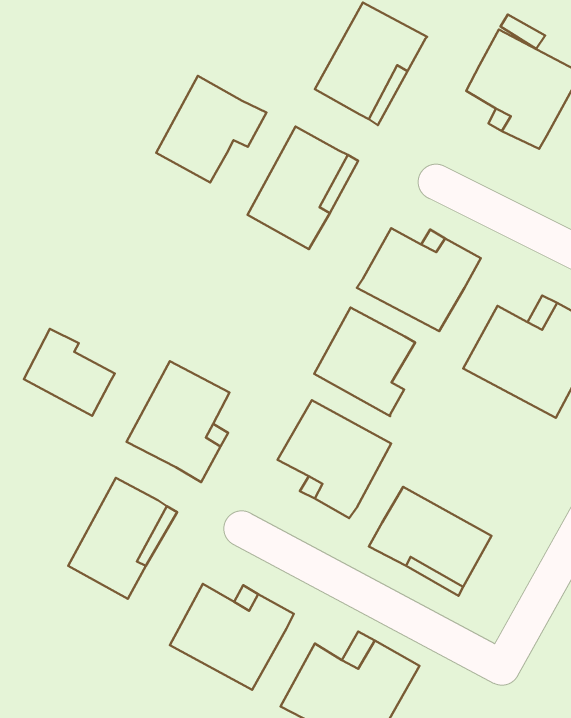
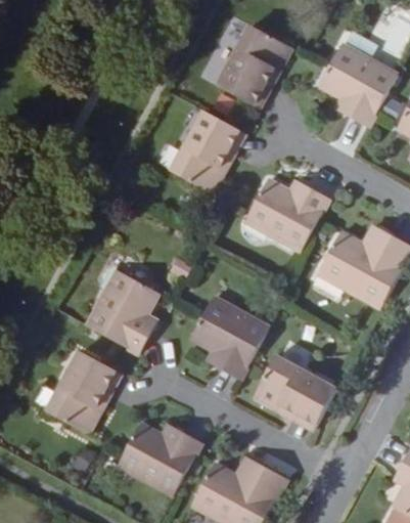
building: [156,76,266,183] -> none
building: [314,308,415,416] -> none
building: [24,329,115,416] -> none

